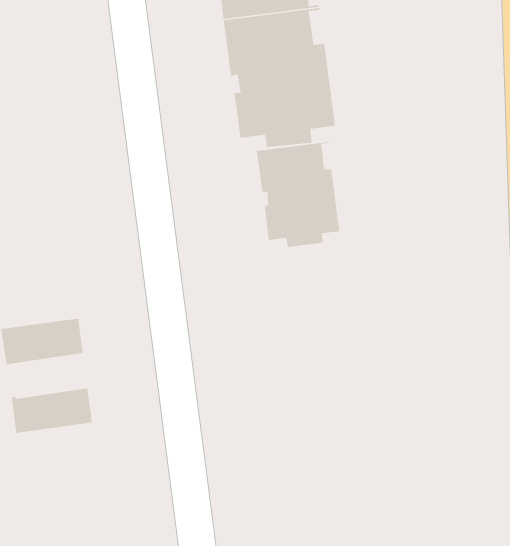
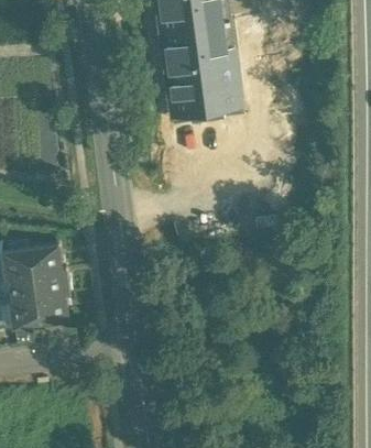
building: [256,141,340,248] -> none
building: none -> [11,269,72,302]

